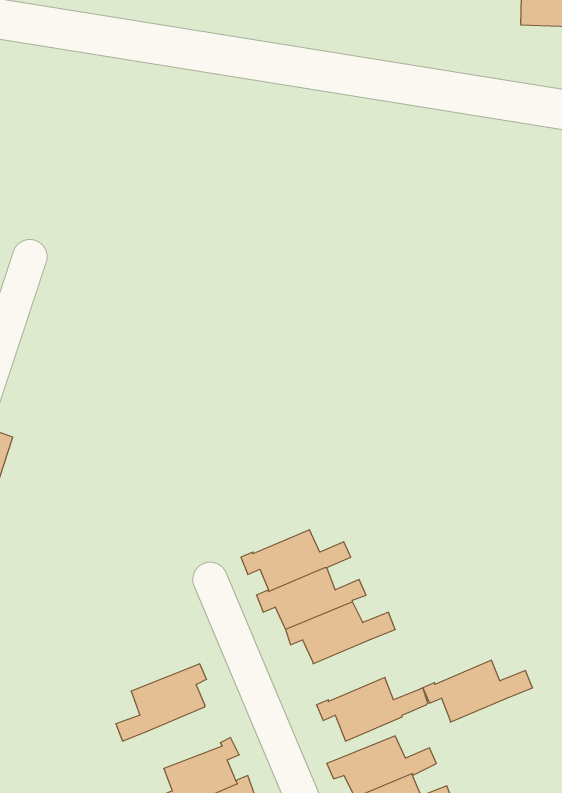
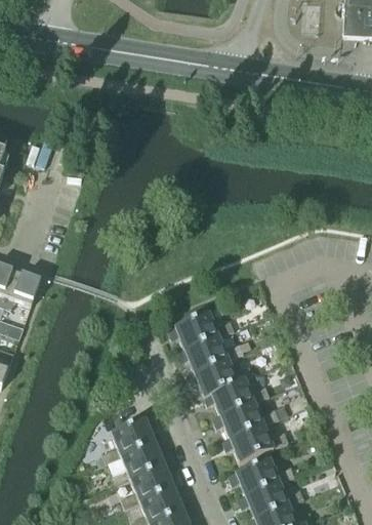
building: none -> [166,311,232,349]
building: [423,660,533,722] -> [211,400,277,437]
building: none -> [110,436,164,483]

